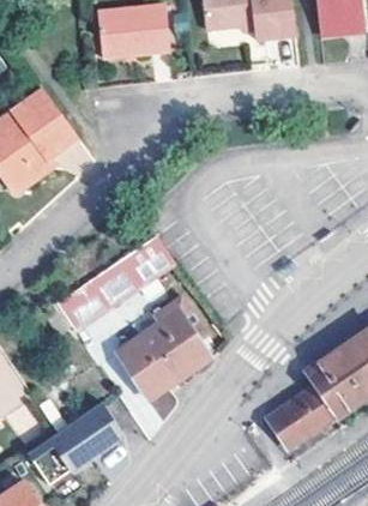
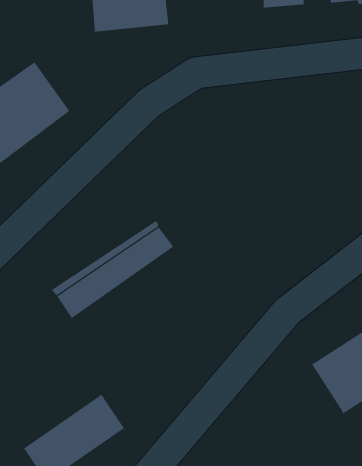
building: [120,308,213,399] -> none
building: [263,388,331,450] -> none

